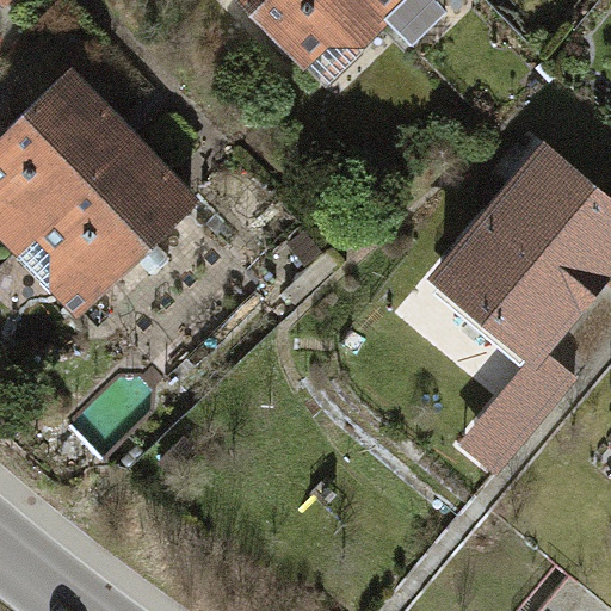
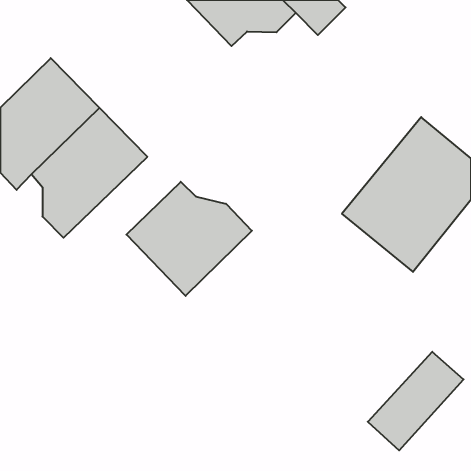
building: none -> [126,182,252,296]
building: [463,340,587,468] -> [368,352,464,450]

